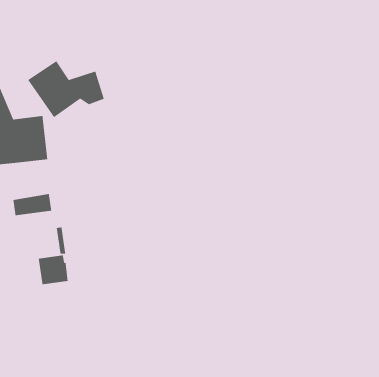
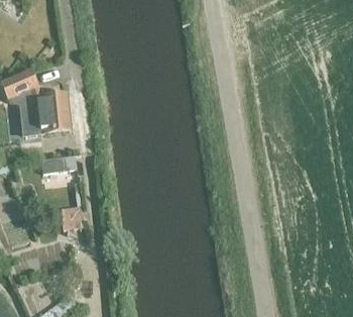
building: [27,60,105,118] -> none

